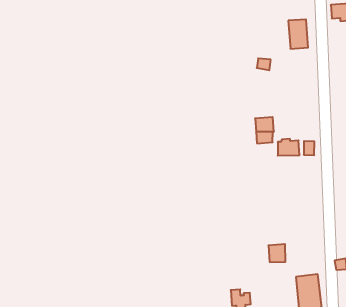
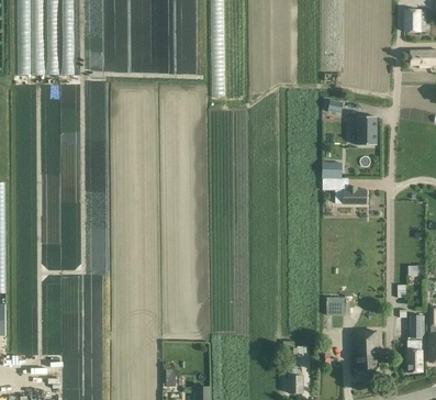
building: [288,19,308,49] -> [356,115,374,145]

